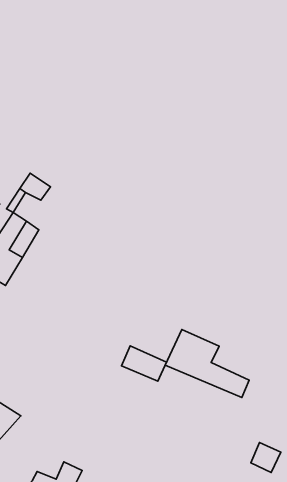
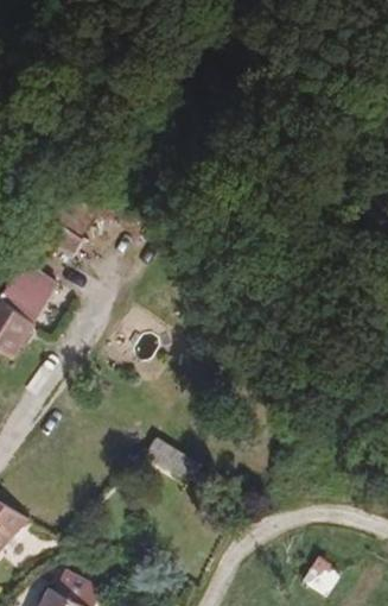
building: [165,329,249,397] -> none

